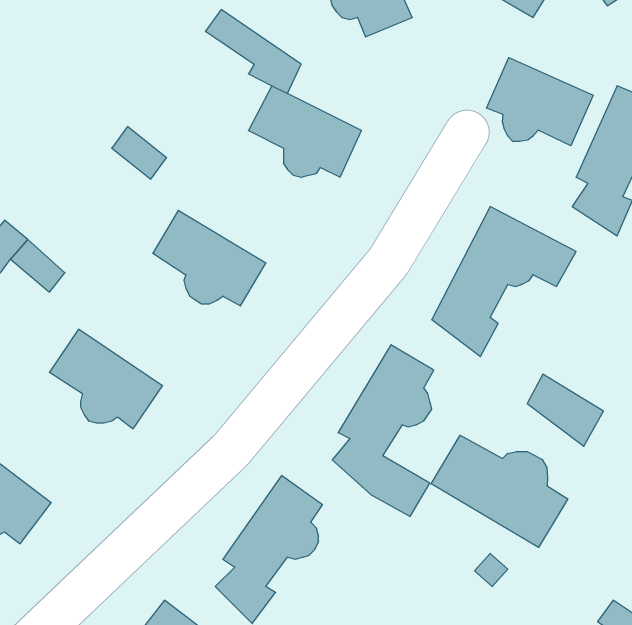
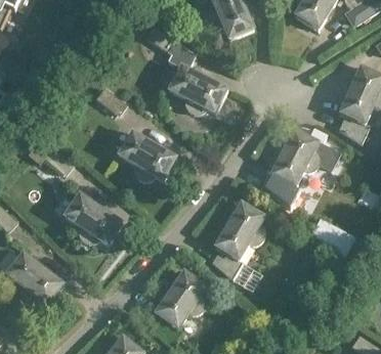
building: [486,58,593,146] -> none
building: [431,435,568,547] -> none

